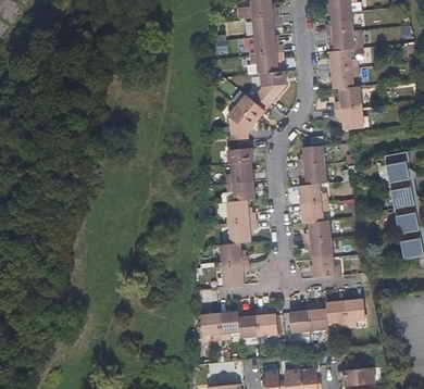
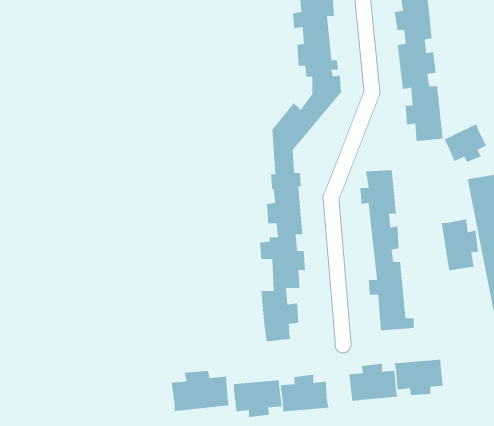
building: none -> [443,123,487,163]
building: none -> [441,219,479,271]
building: none -> [171,370,230,412]

